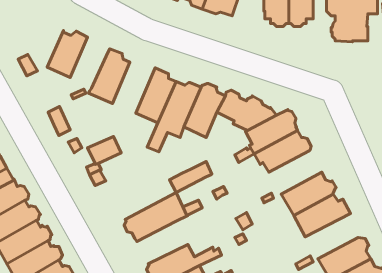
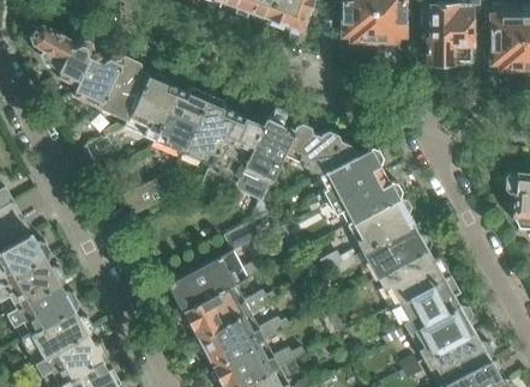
building: none -> [29,25,92,95]
building: none -> [101,58,147,121]
building: none -> [153,89,206,152]
building: none -> [348,199,414,253]
building: none -> [393,277,459,333]
building: none -> [181,286,276,339]

